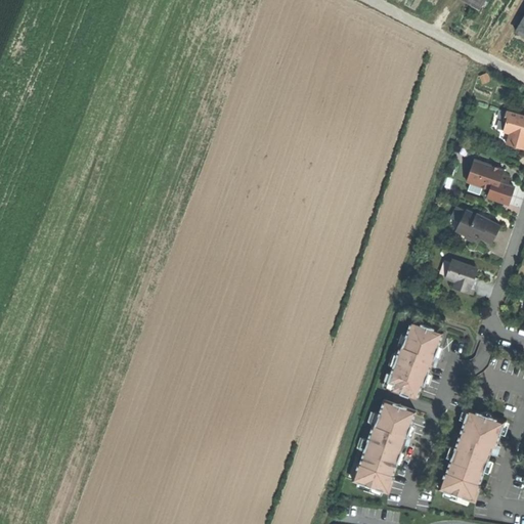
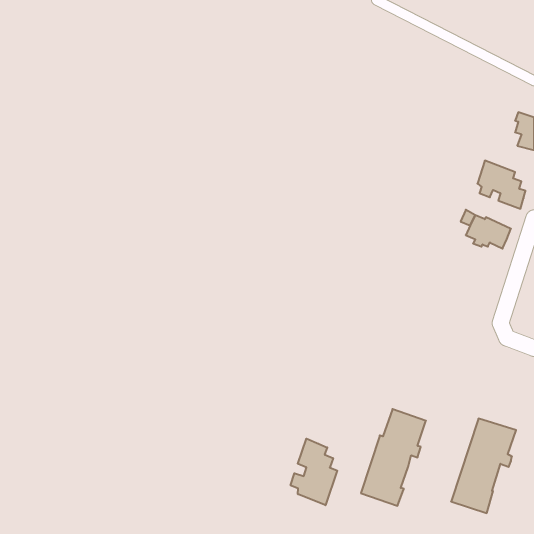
building: [443,259,476,295] -> none
building: [386,322,441,401] -> none
building: none -> [291,439,337,505]

